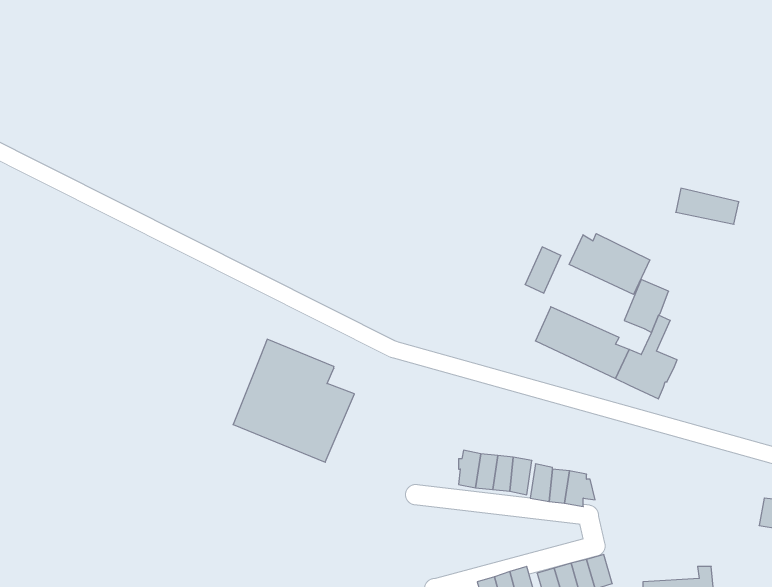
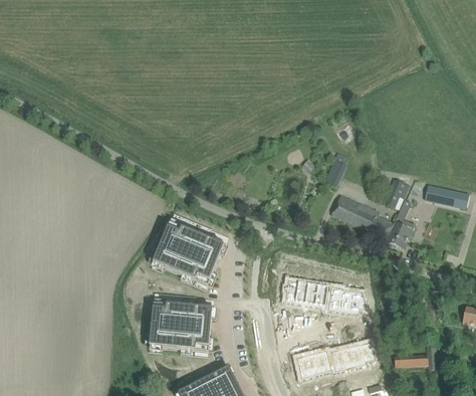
building: [676,188,739,224] -> [425,185,462,206]
building: [569,234,650,294] -> none
building: none -> [150,291,213,352]

